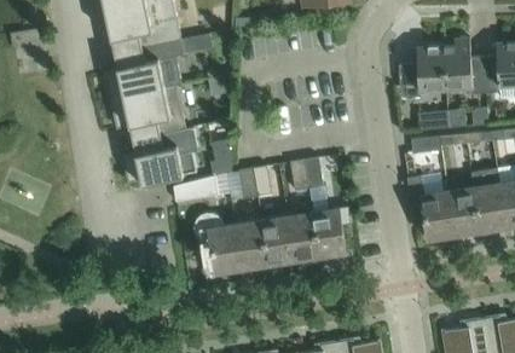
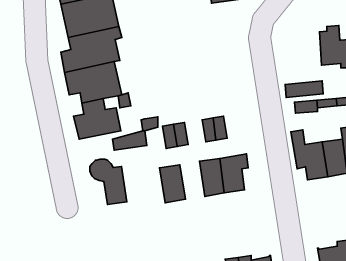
building: [399,47,446,99] -> none
building: [193,215,242,274] -> [90,159,127,204]
building: [261,216,294,266] -> none

